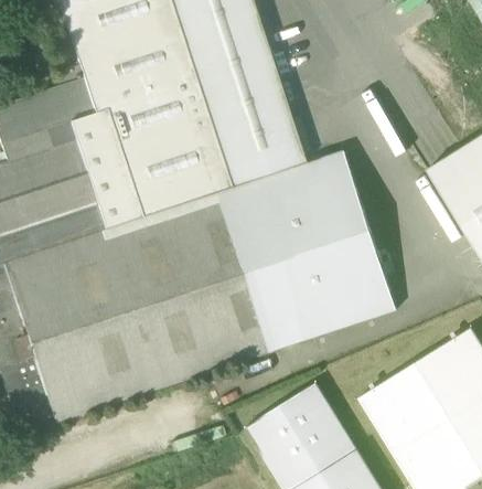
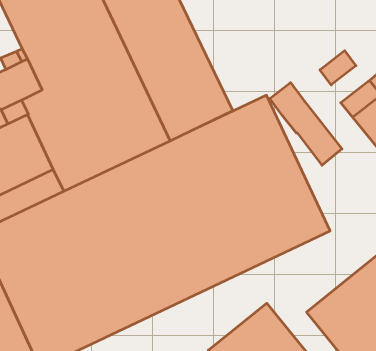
building: none -> [320,51,356,85]
building: none -> [270,83,342,165]

